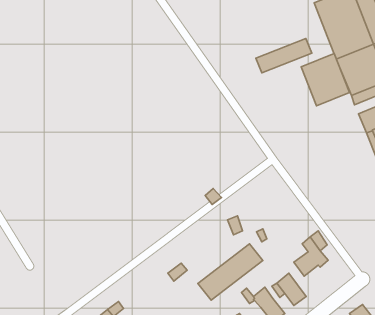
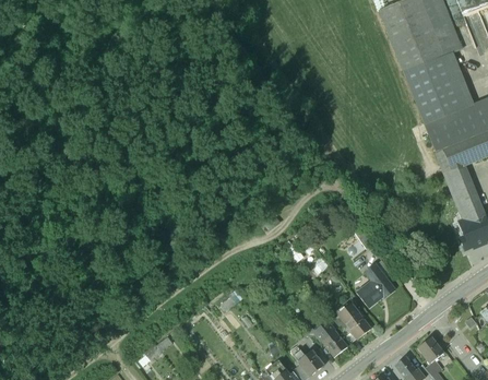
building: [256,39,312,73] -> none
building: [301,54,349,106] -> none
building: [198,244,263,300] -> none

